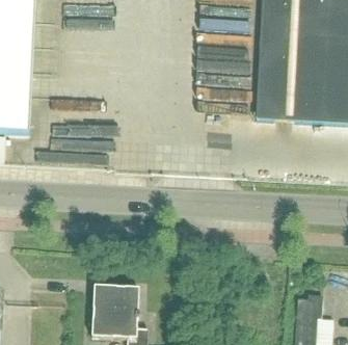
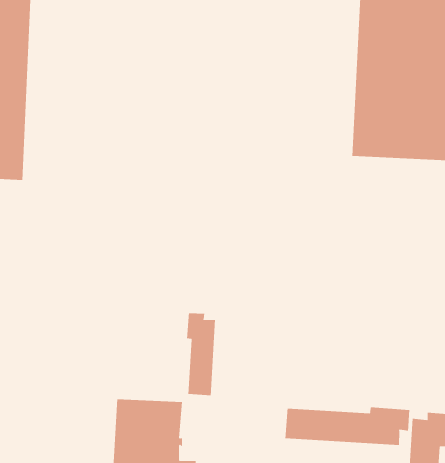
building: none -> [187,312,216,396]
building: none -> [285,407,410,446]

